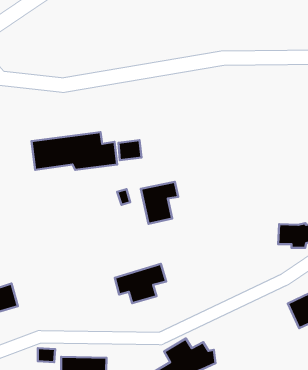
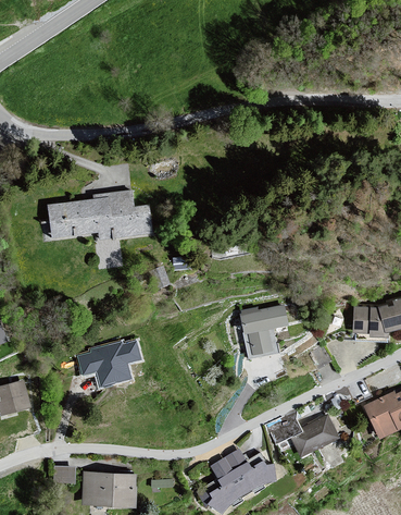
building: [119,140,142,160] -> none
building: [141,182,178,224] -> [239,306,286,358]
building: [115,264,166,303] -> [79,338,143,387]
building: none -> [266,413,337,455]

